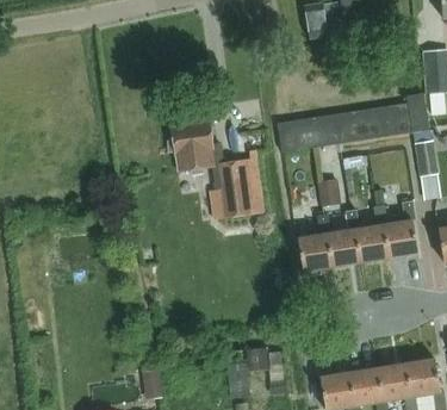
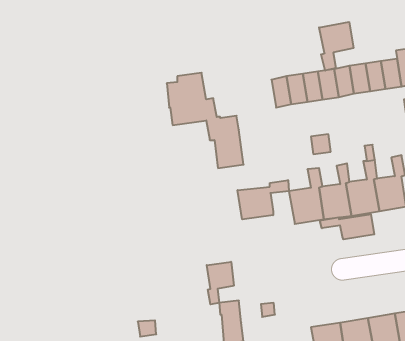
building: none -> [319,22,353,71]
building: none -> [238,180,289,219]
building: none -> [320,214,374,239]
building: none -> [207,262,234,304]

